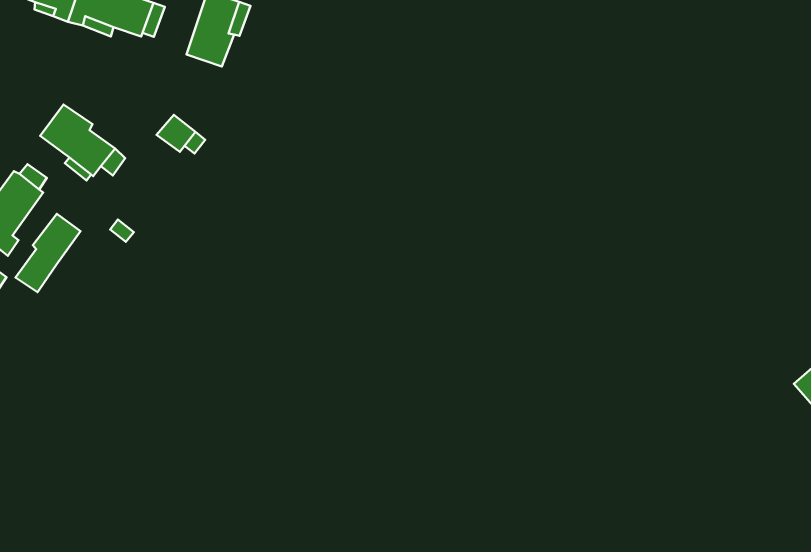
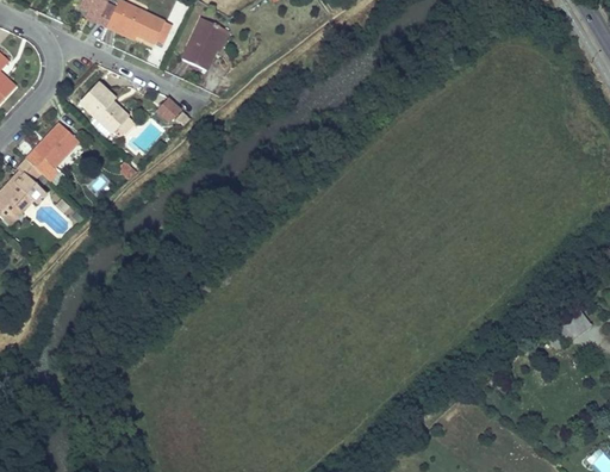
building: [15,214,80,292] -> none

